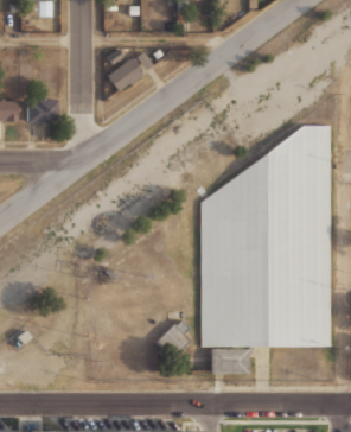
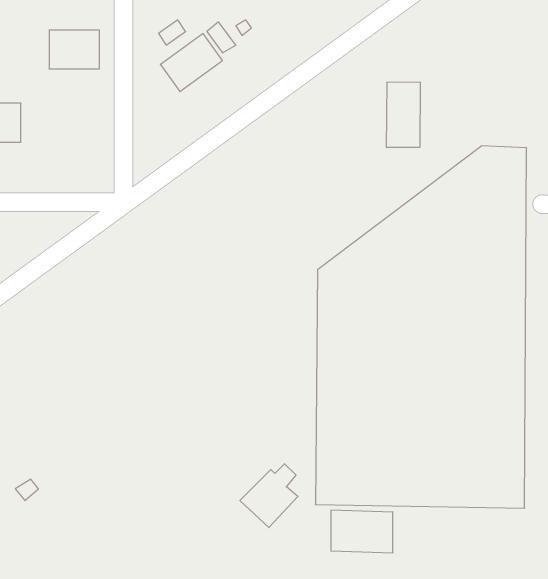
building: none -> [387,82,420,148]
building: [28,99,59,122] -> [49,30,99,69]

